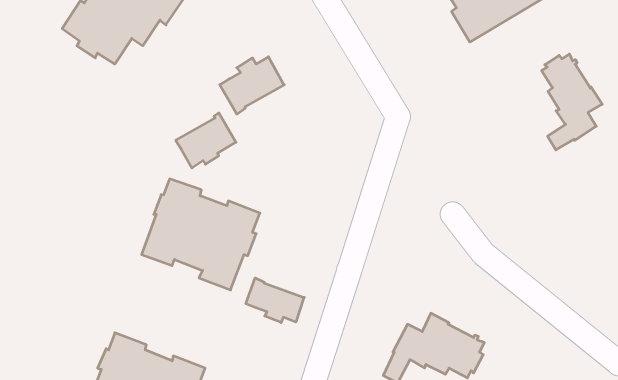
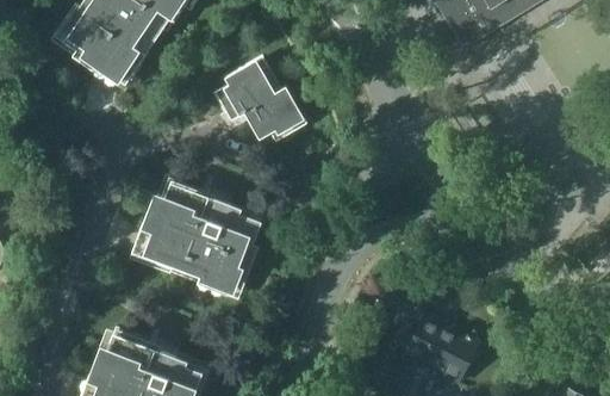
building: [542,54,602,150] -> none
building: [176,113,236,168] -> [242,87,300,141]
building: [246,278,304,323] -> none

